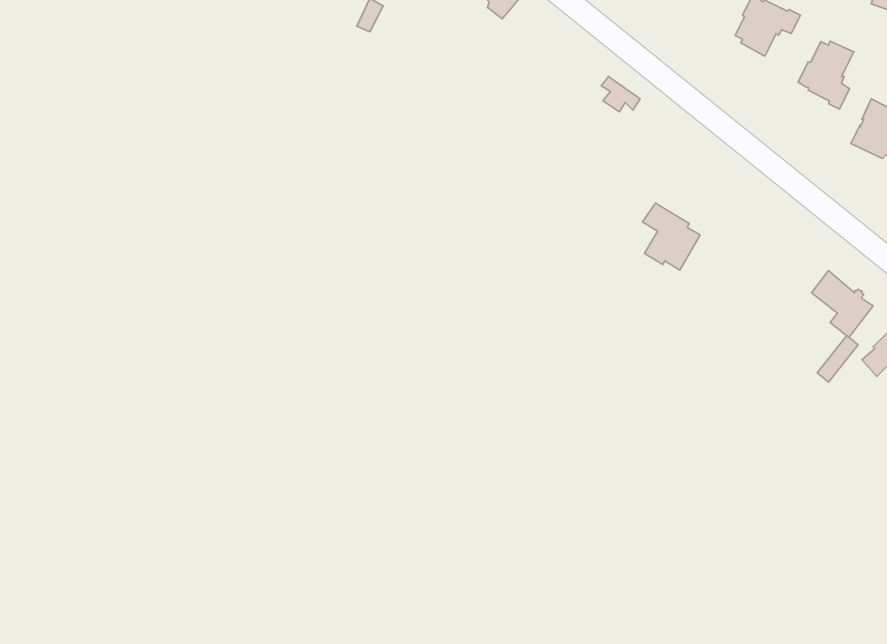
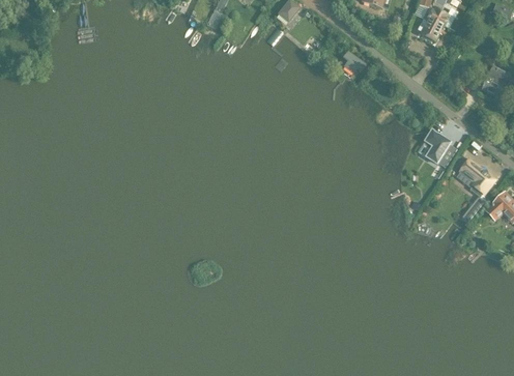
building: [798,41,854,109] -> none
building: [642,203,700,270] -> [426,129,458,167]

